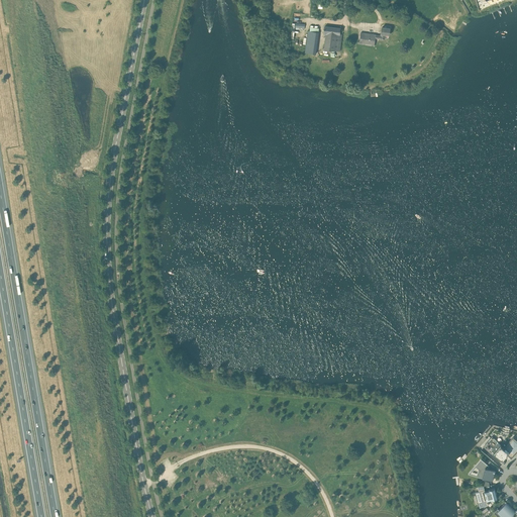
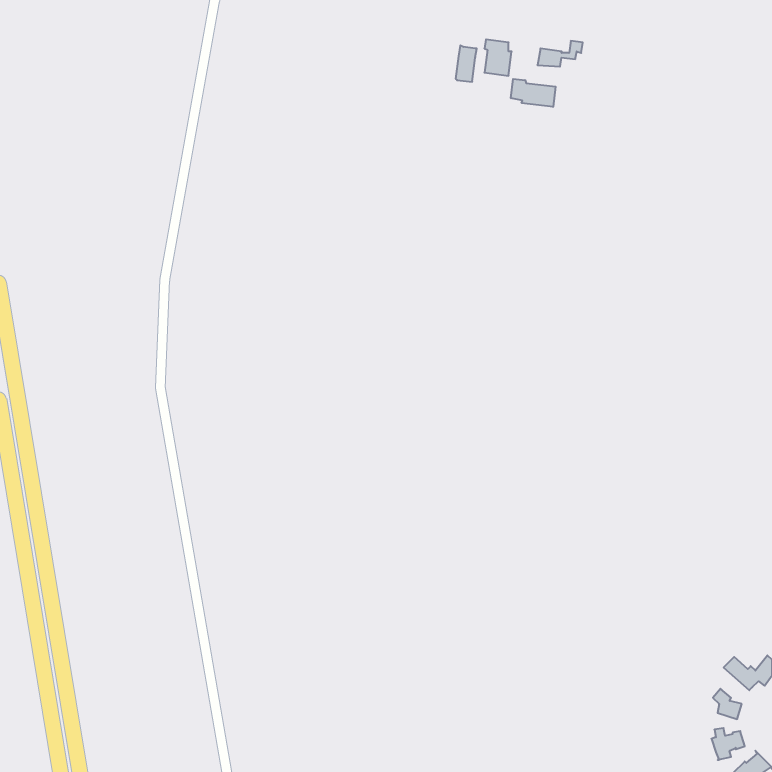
building: none -> [511,79,556,107]

